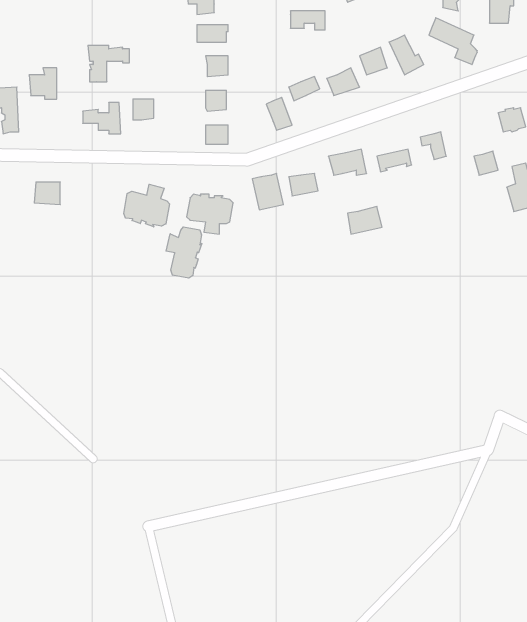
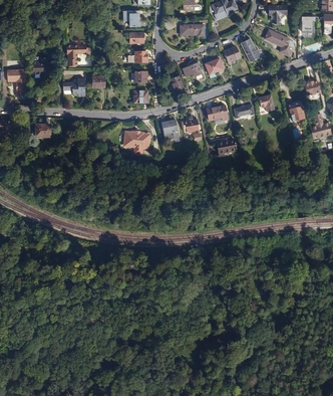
building: [124,184,170,227] -> none
building: [166,227,202,278] -> none

